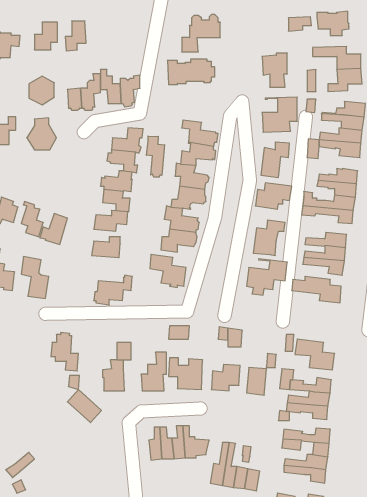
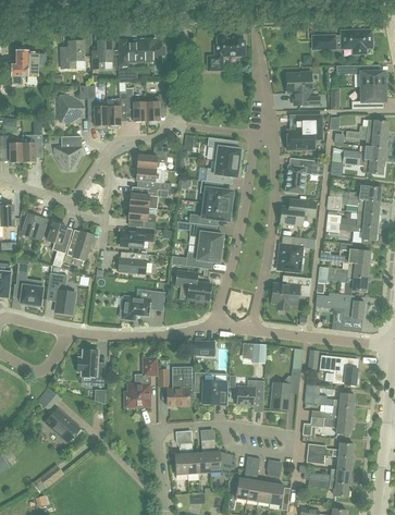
building: [167,59,215,85] -> [118,38,164,63]
building: [146,136,164,177] -> none
building: [67,390,101,423] -> [46,408,79,441]

